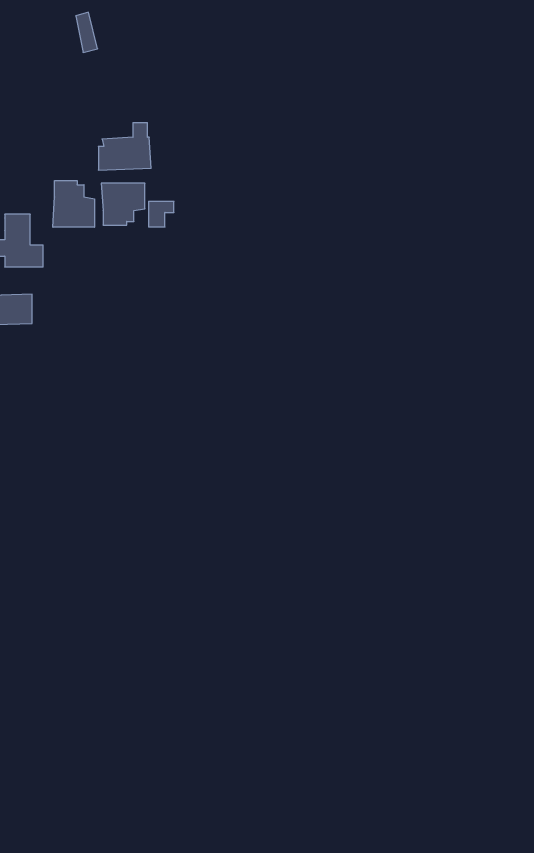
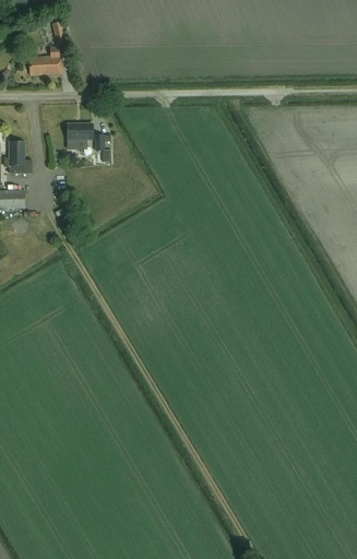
building: [98,123,151,170] -> [29,47,61,75]
building: [53,181,94,227] -> none

